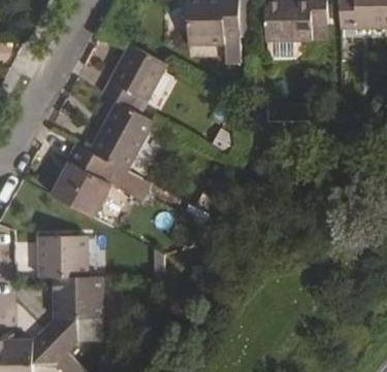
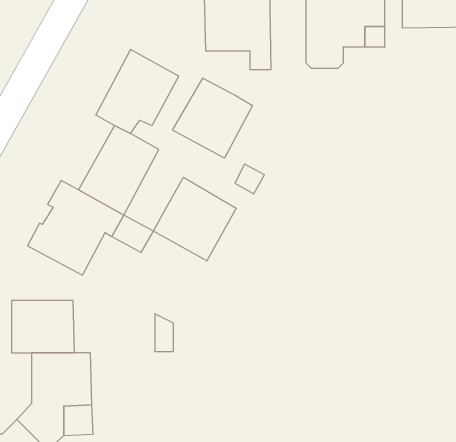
building: none -> [173,78,253,158]
building: none -> [153,177,236,261]

